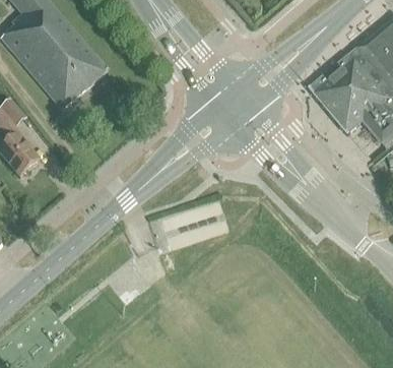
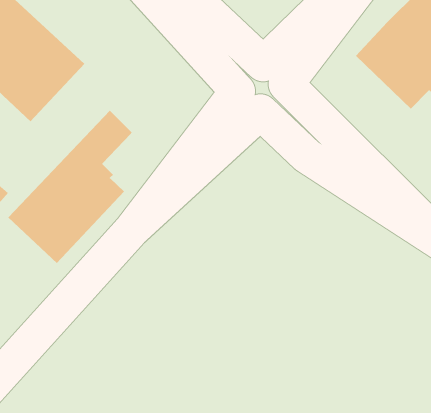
building: none -> [7,110,133,264]

